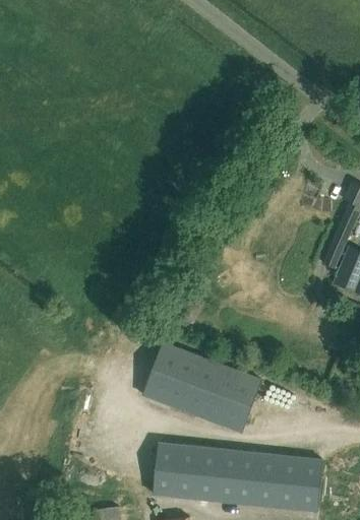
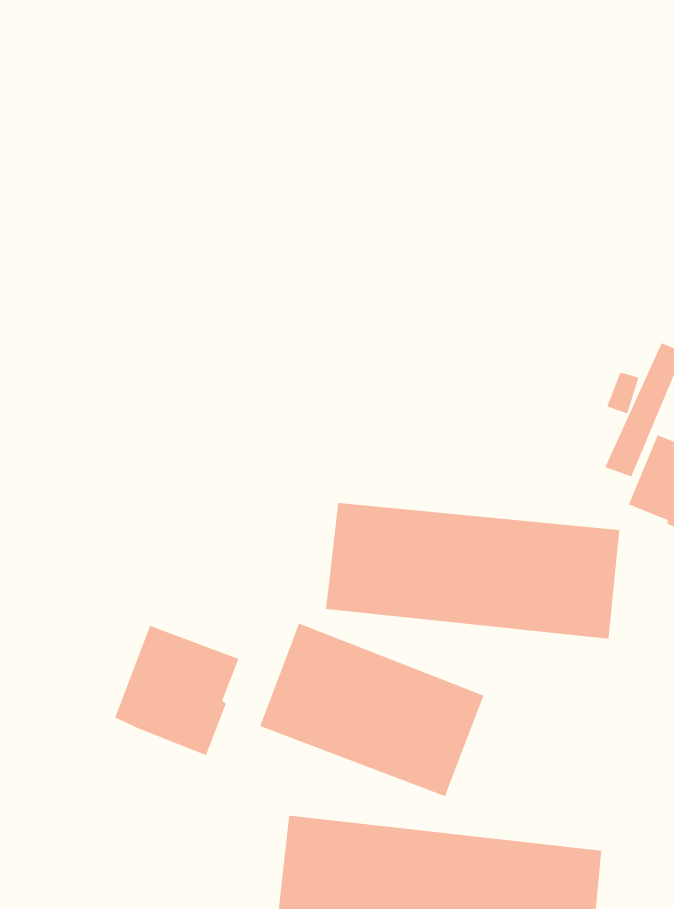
building: none -> [325,502,620,640]
building: none -> [114,625,240,756]

